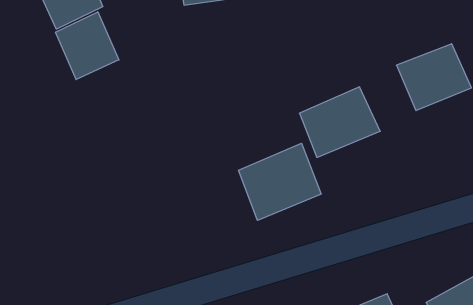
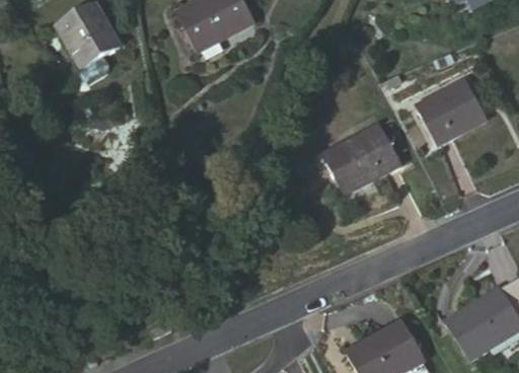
building: [56,12,119,80] -> none
building: [239,143,321,220] -> none

